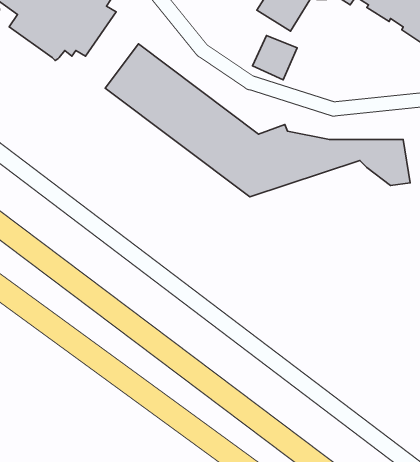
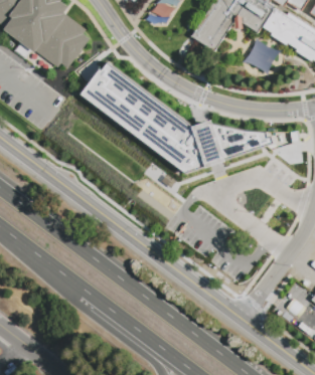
building: [253,35,297,80] -> [244,39,276,71]

